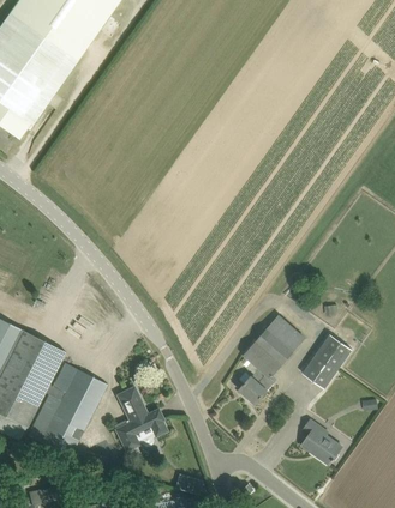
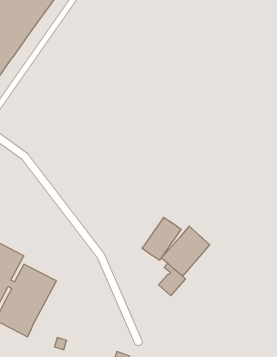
building: [301,333,352,388] -> [142,217,181,260]
building: [115,387,166,450] -> none
building: [300,421,341,465] -> none

